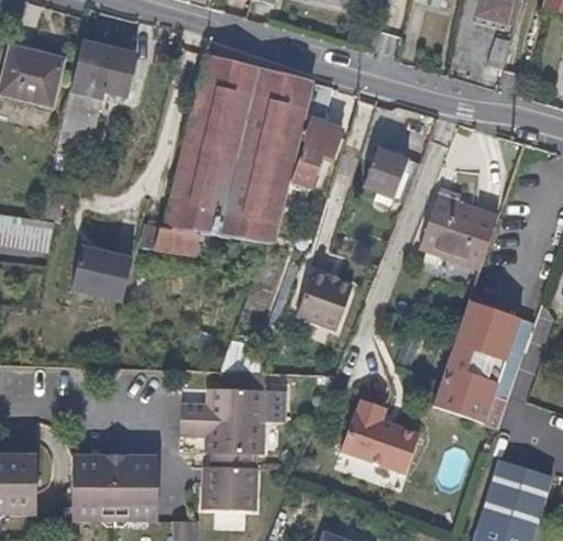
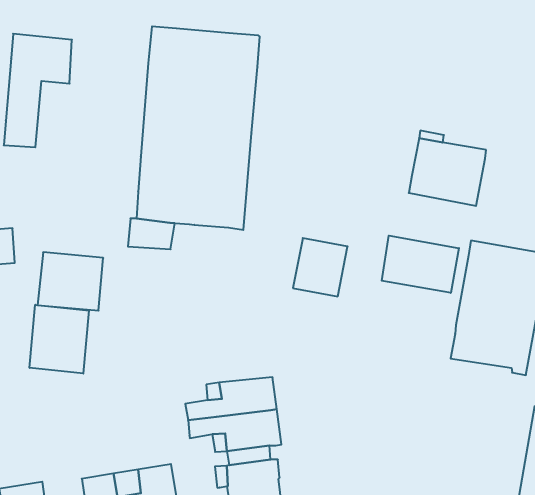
building: [288,81,340,185] -> none
building: [360,145,419,202] -> none
building: none -> [382,236,459,293]
building: none -> [30,305,89,374]
building: [342,398,420,474] -> none

